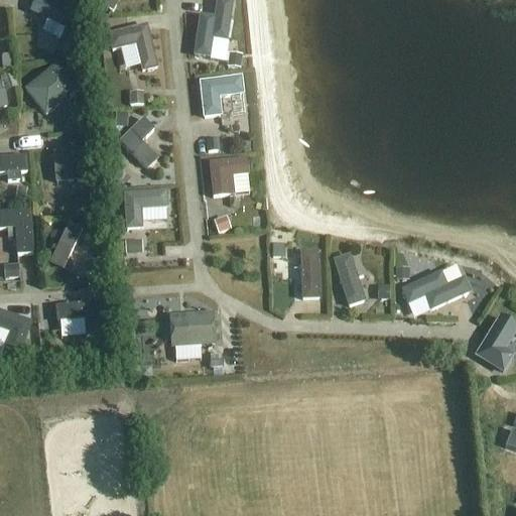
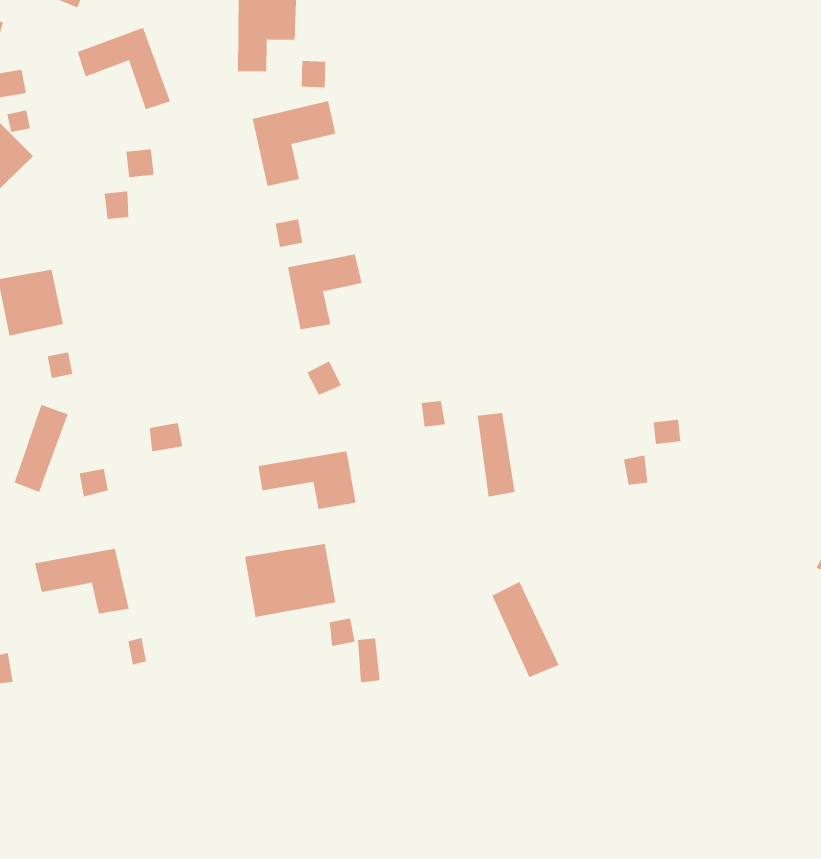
building: [119,115,158,167] -> none
building: [123,188,167,227] -> none
building: [333,251,365,303] -> [491,581,560,678]
building: [401,261,471,307] -> none
building: none -> [258,450,356,510]

